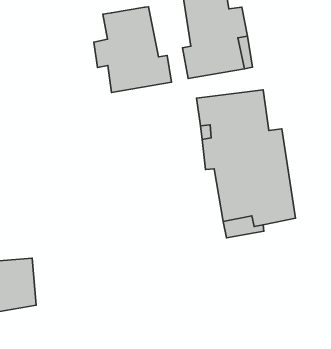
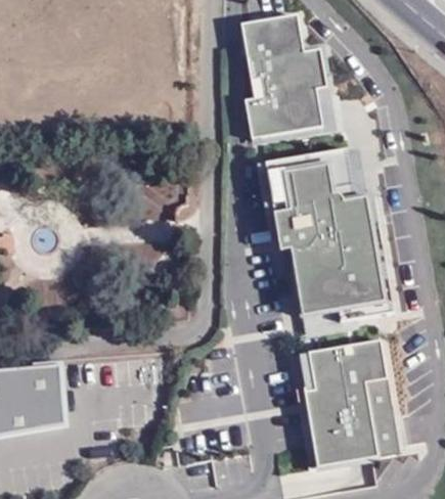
building: [94,7,171,93] -> none
building: none -> [299,341,396,466]

